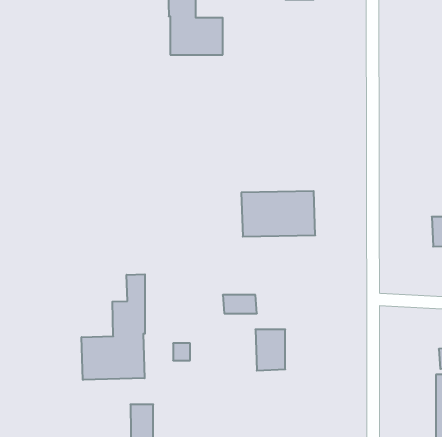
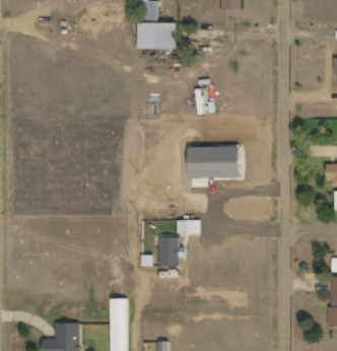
building: [82,274,145,380] -> none
building: [255,329,285,371] -> [157,237,179,267]

